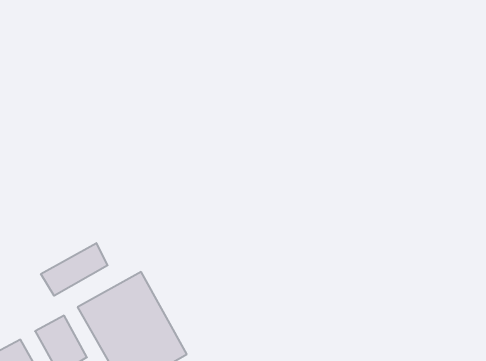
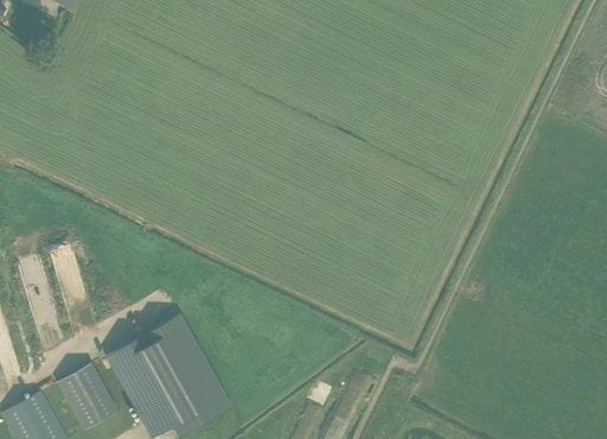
building: [41,243,108,296] -> none

